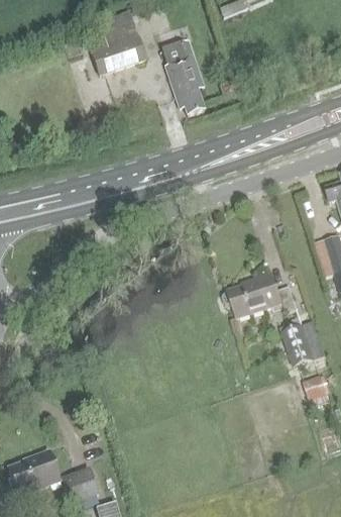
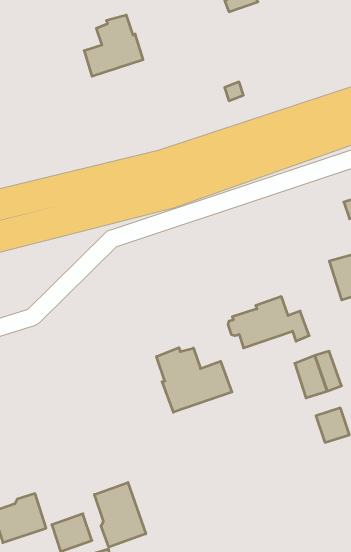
building: [162,38,204,113] -> none
building: none -> [157,348,232,412]
building: none -> [94,482,146,547]

